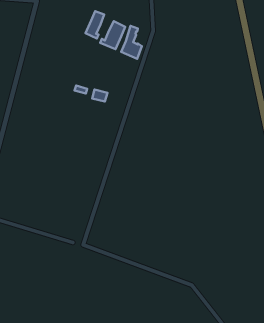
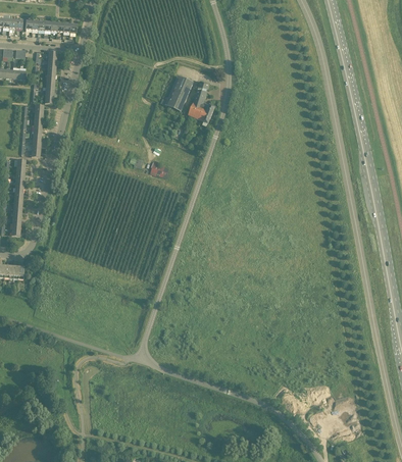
building: [86,11,104,38] -> none

